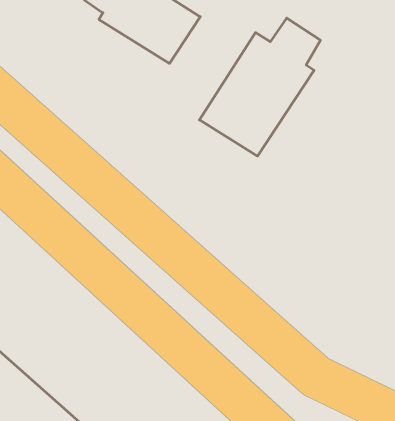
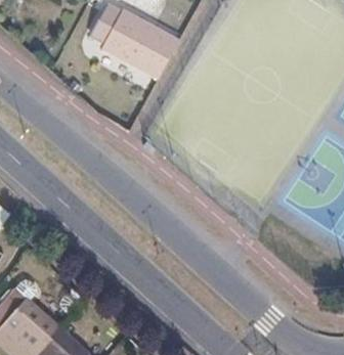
building: [199,18,320,156] -> none

